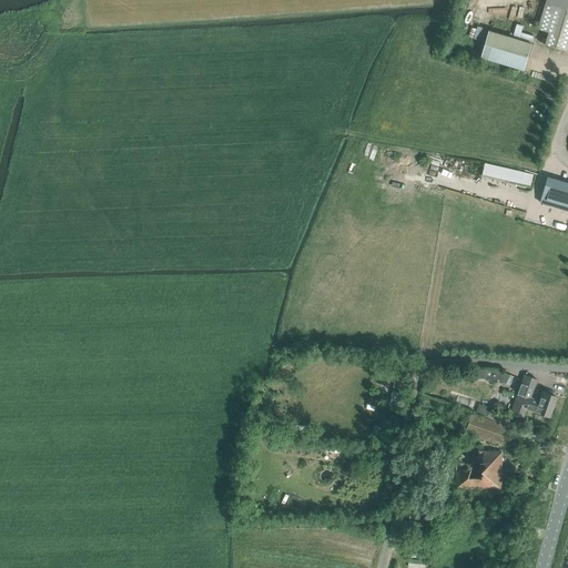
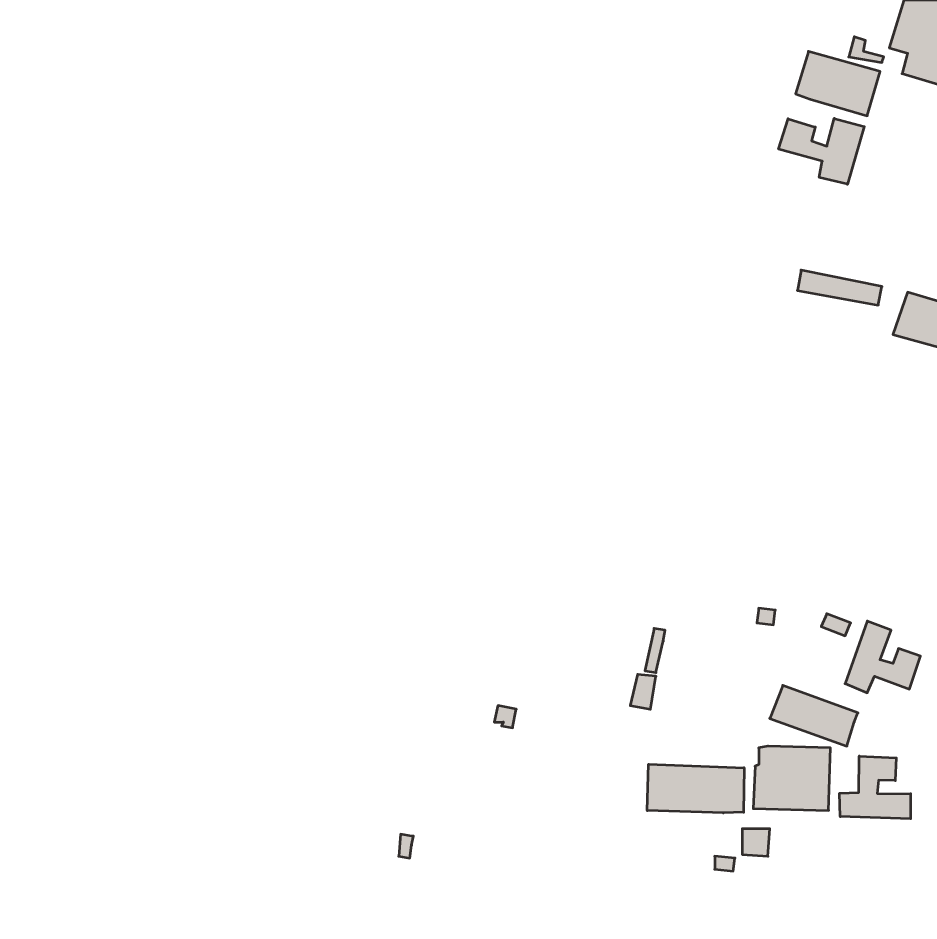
building: none -> [779,118,864,184]
building: none -> [840,756,911,819]
building: none -> [647,764,744,813]

